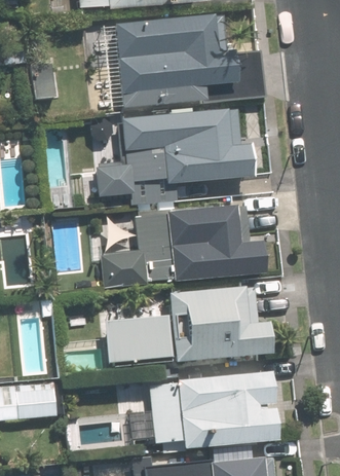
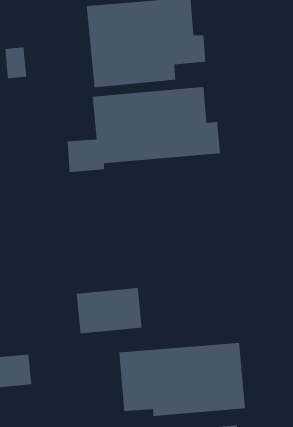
building: [99,205,266,287] -> none
building: [169,285,272,361] -> none

